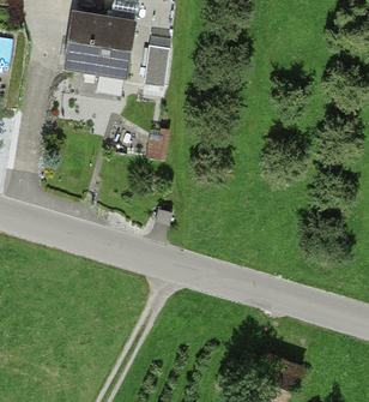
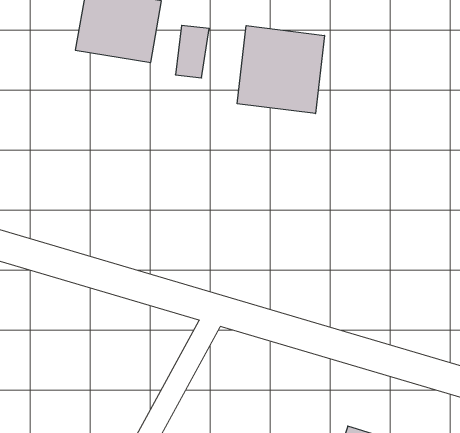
building: none -> [237,26,324,114]

